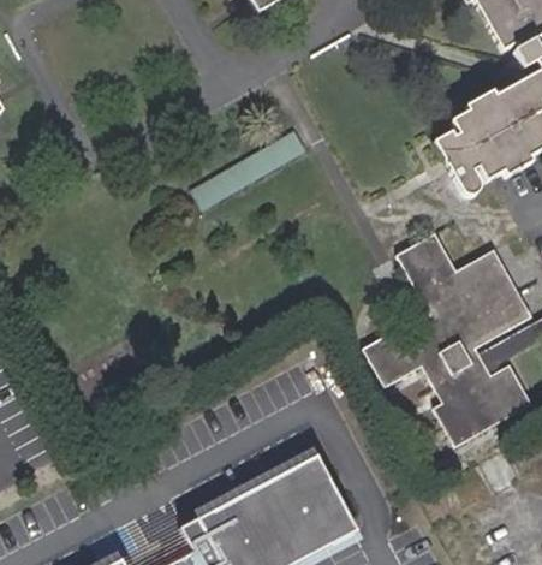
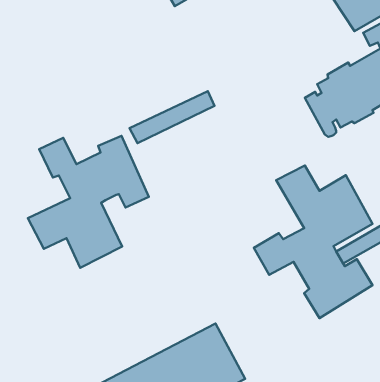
building: none -> [28,136,149,268]

